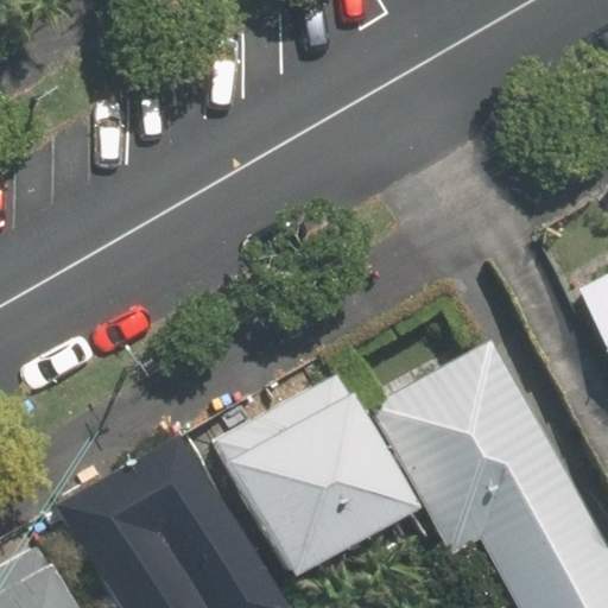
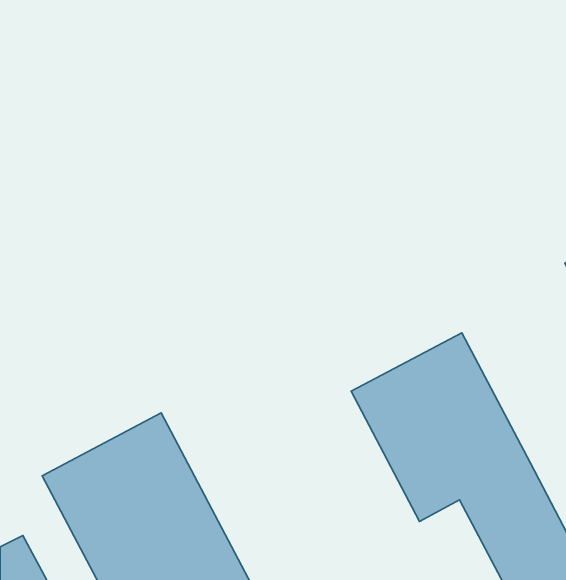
building: [215,375,408,568] -> none

